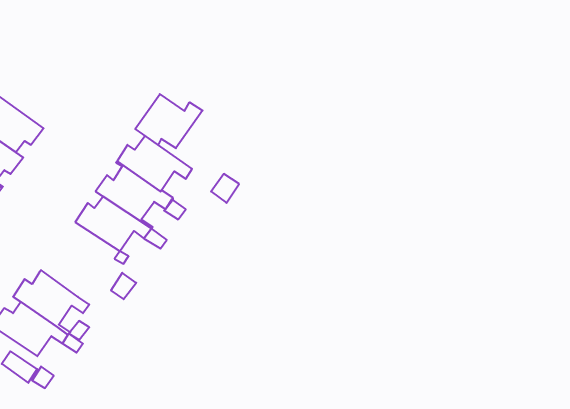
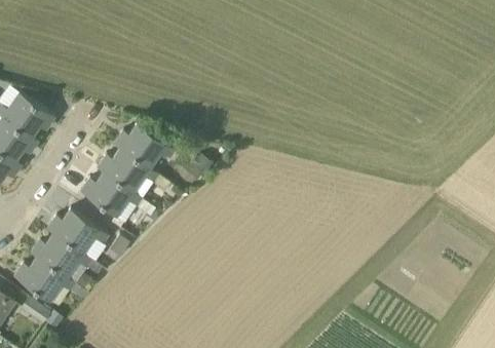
building: [135,94,203,148] -> none
building: none -> [46,209,108,261]

